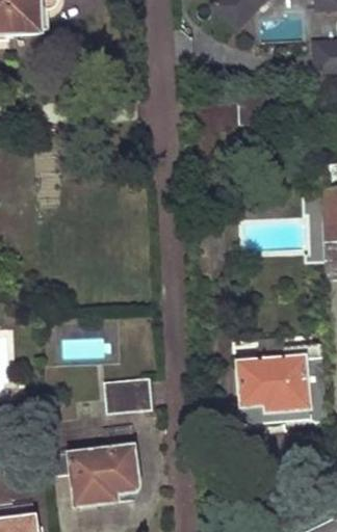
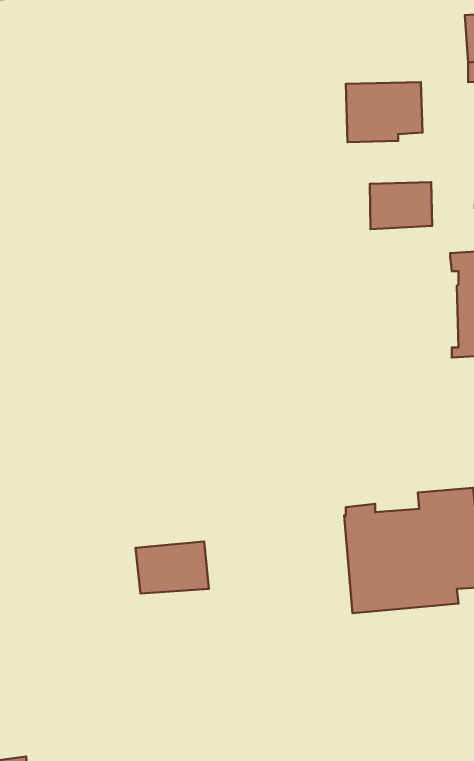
building: none -> [370,182,432,229]
building: [51,440,138,504] -> none

